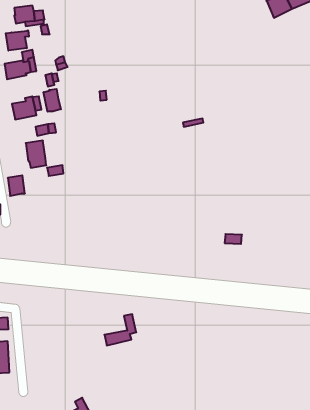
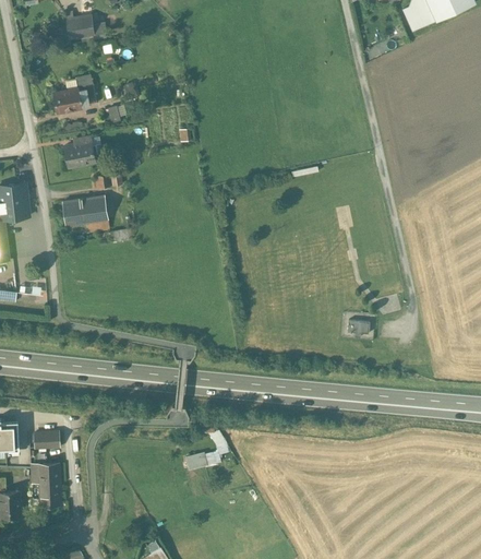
building: [6,30,29,51] -> none
building: [44,89,61,112] -> none
building: [8,175,25,196] -> [61,199,84,226]

